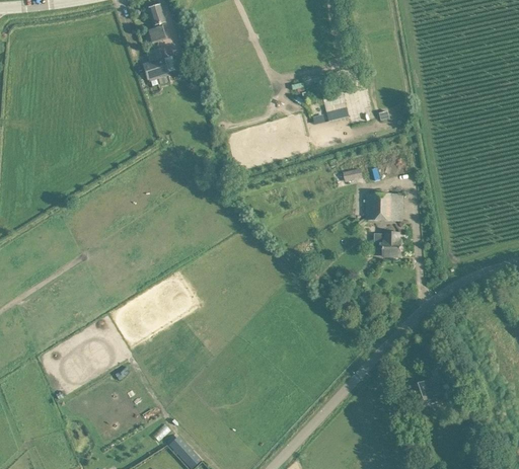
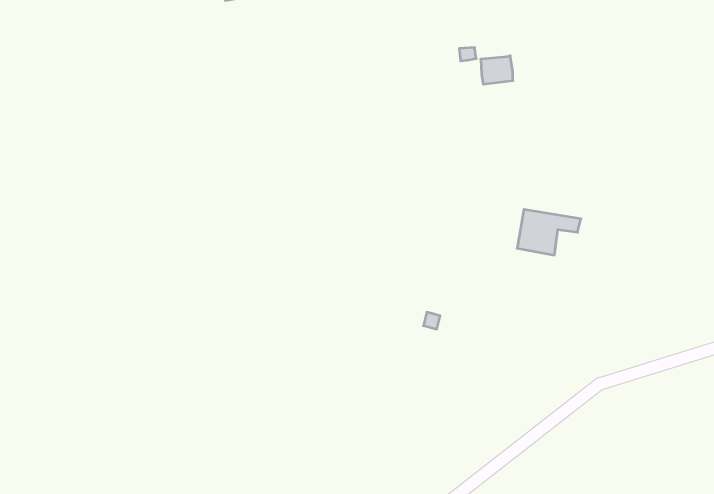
building: [374,232,401,257] -> none

